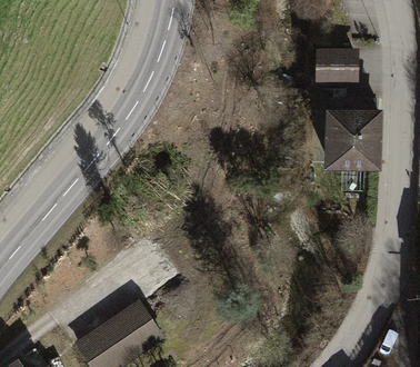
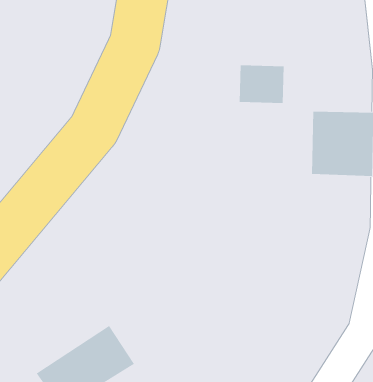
building: [314,48,357,83] -> [239,65,285,103]

